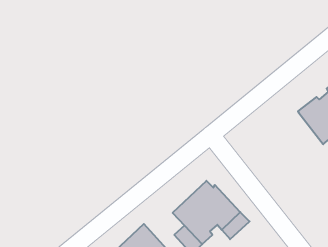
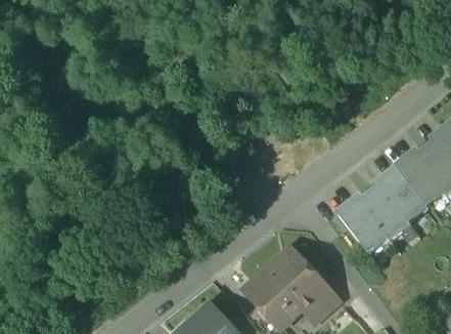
building: none -> [339,167,427,251]

